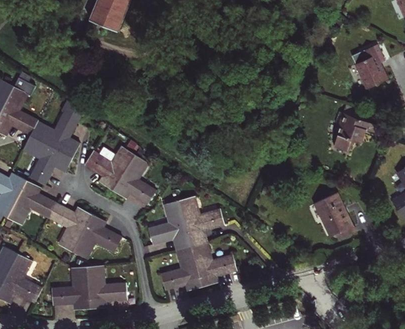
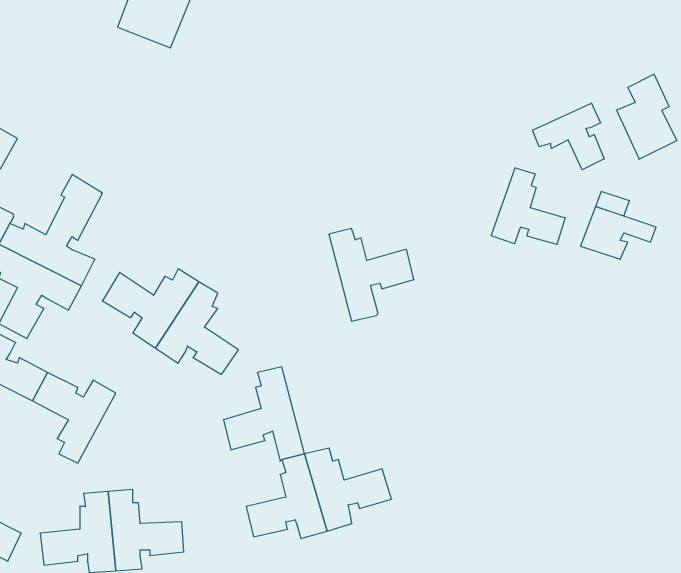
building: none -> [532,103,604,170]
building: none -> [491,168,565,244]
building: [314,192,356,240] -> none
building: [178,196,223,245] -> [329,229,414,321]
building: [70,213,121,256] -> none

